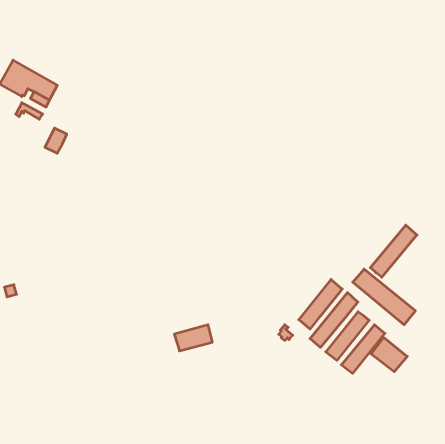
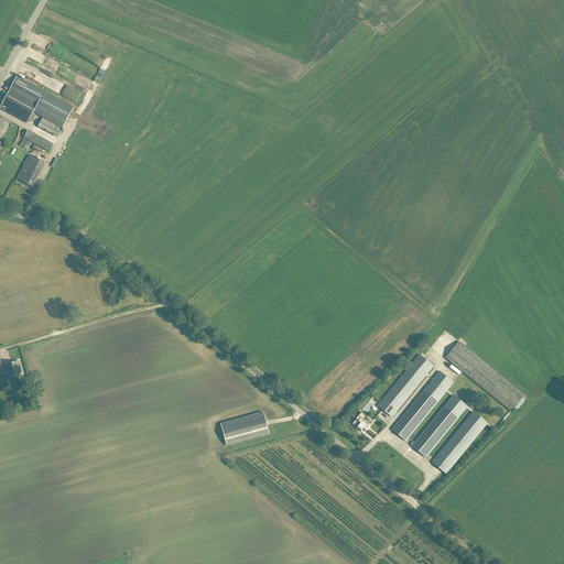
building: [45,128,67,153] -> [17,154,44,186]
building: [370,225,417,277] -> none
building: [371,338,407,372] -> none

